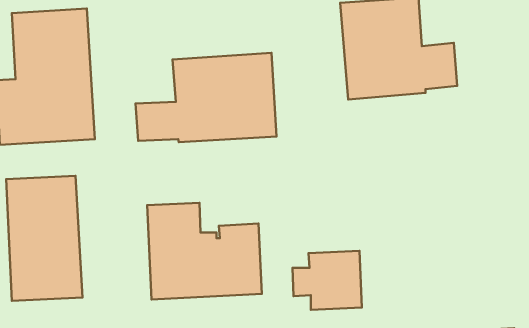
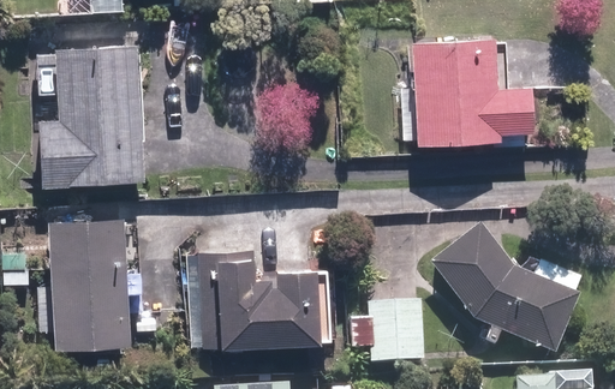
building: [136,53,277,142] -> none
building: none -> [431,228,584,355]

